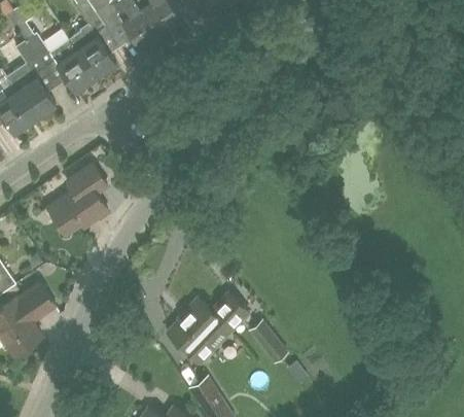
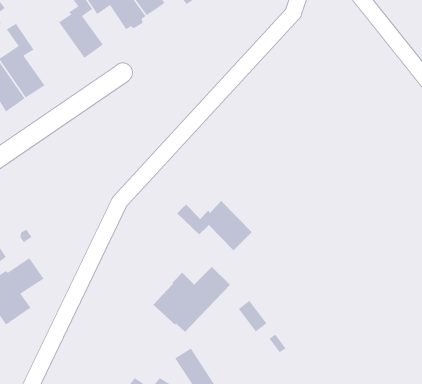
building: [15,22,96,91] -> none
building: [47,164,107,234] -> none
building: none -> [176,200,253,251]

